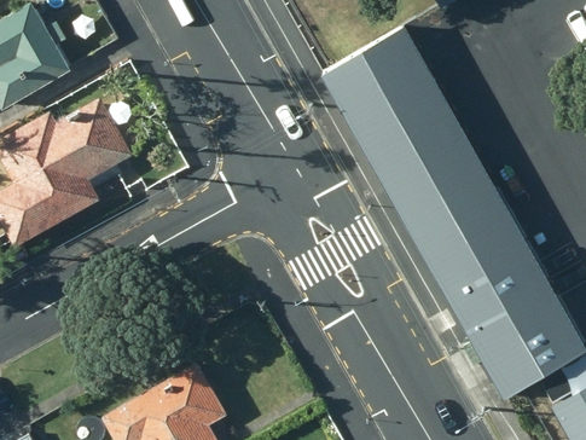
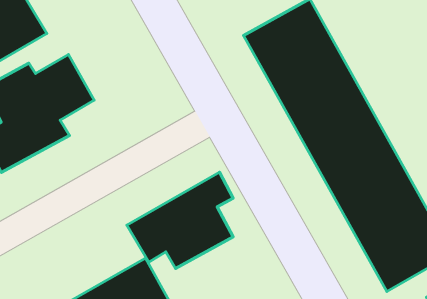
building: none -> [127,172,233,268]

